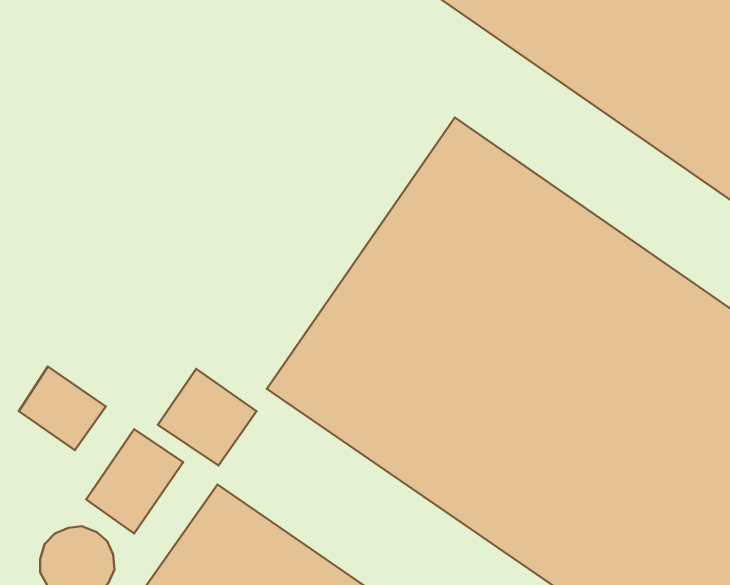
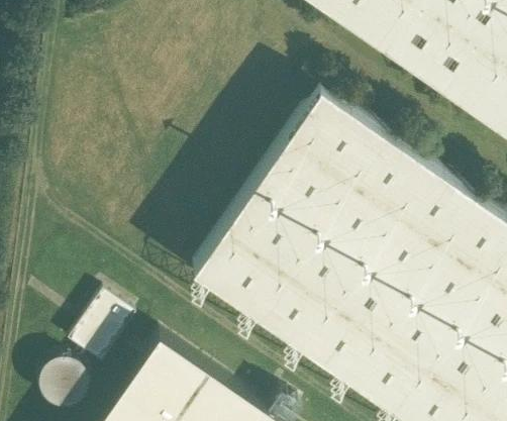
building: [19,367,106,450] -> none
building: [158,369,257,466] -> none

